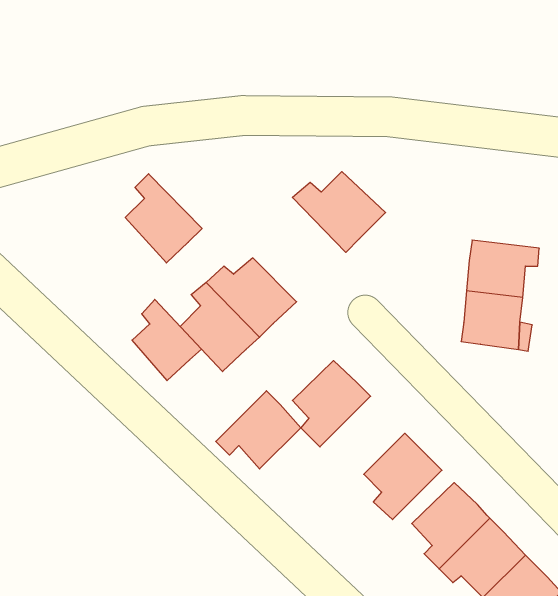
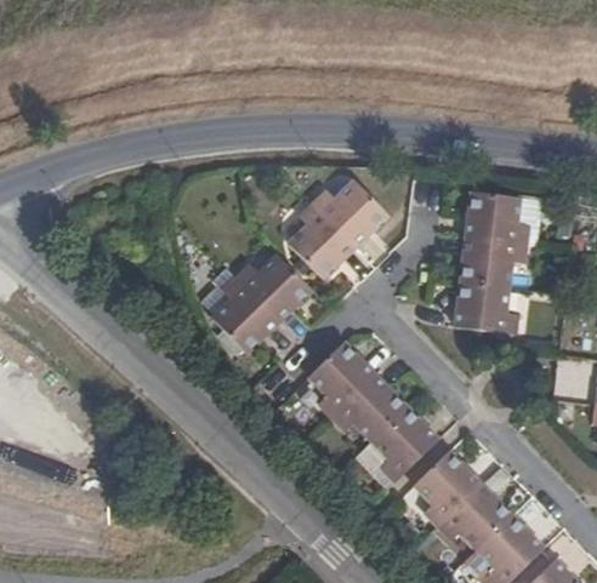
building: [125,174,202,263] -> [285,200,353,279]
building: none -> [465,190,527,245]
building: [132,299,201,381] -> none
building: [216,391,301,469] -> [330,376,405,445]

